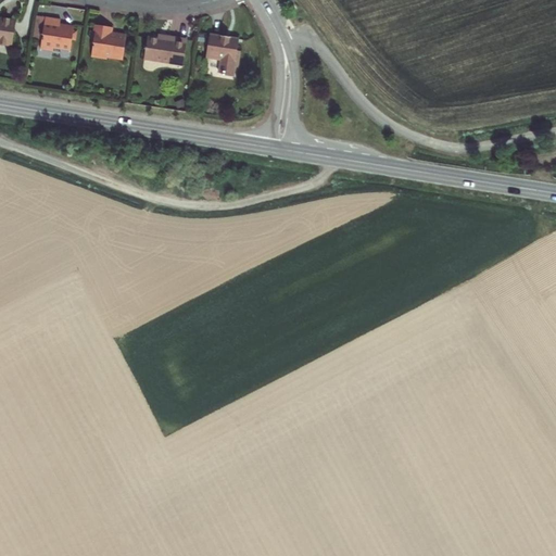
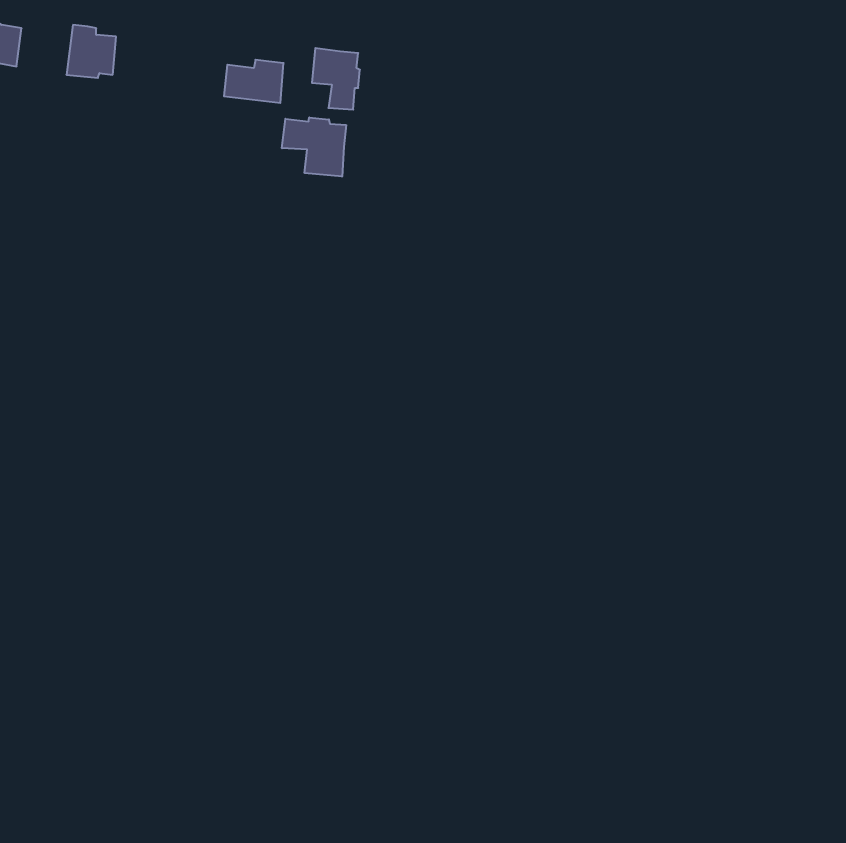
building: [90,23,123,56] -> none
building: none -> [282,117,346,177]

